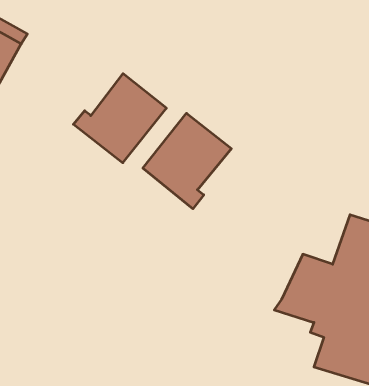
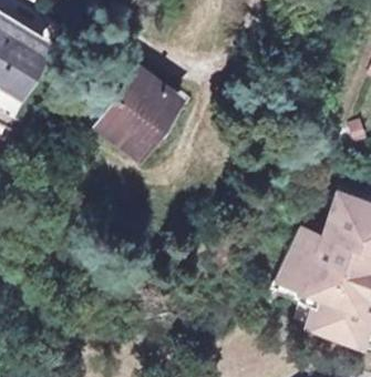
building: [143,113,231,209] -> none

